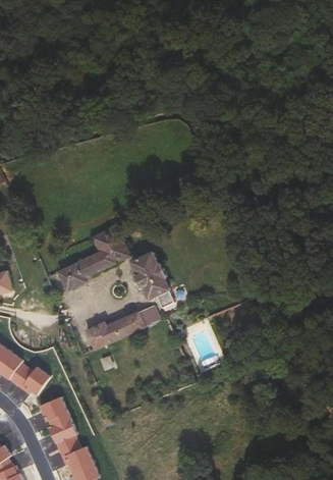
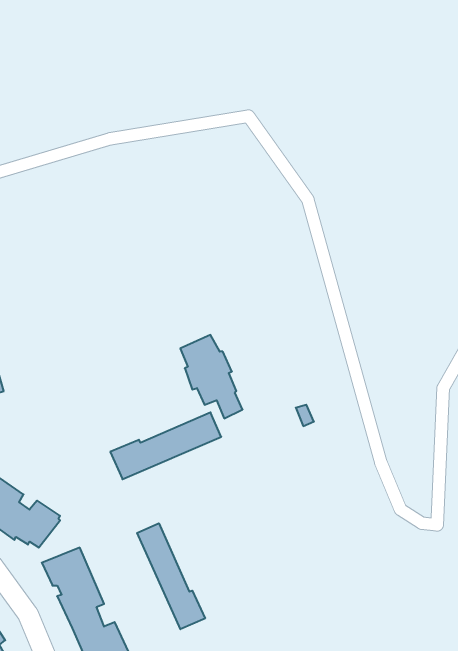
building: [56,227,128,291] -> none
building: none -> [137,523,205,629]

